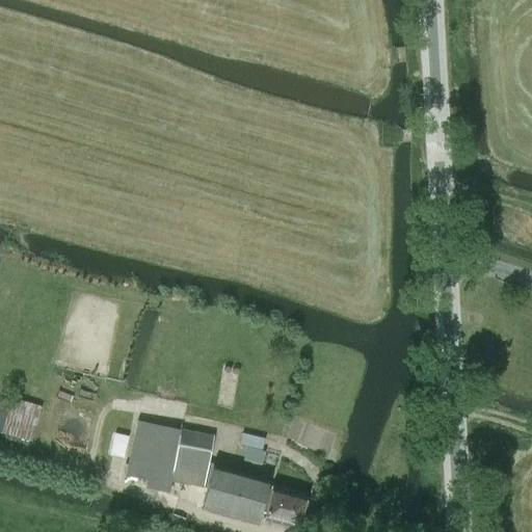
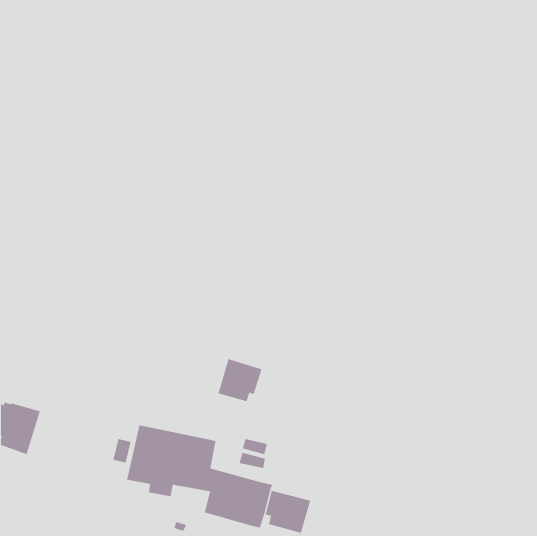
building: none -> [218,358,263,402]

